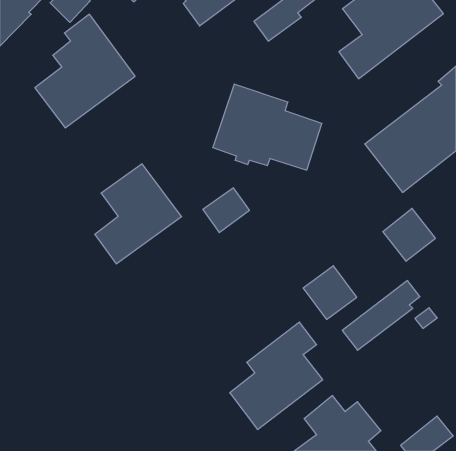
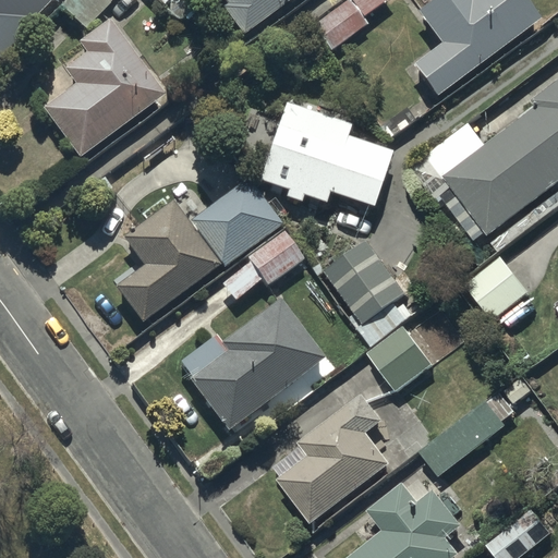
building: none -> [191,177,282,265]
building: none -> [326,238,416,343]
building: none -> [181,298,325,429]
building: [342,281,420,350] -> [422,389,517,474]

